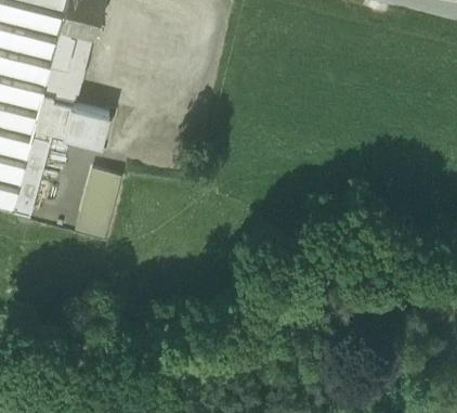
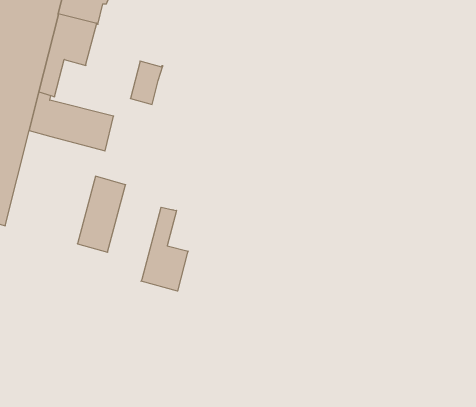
building: [55,65,84,104] -> [130,61,163,104]
building: [11,129,52,219] -> none
building: none -> [141,207,188,291]

